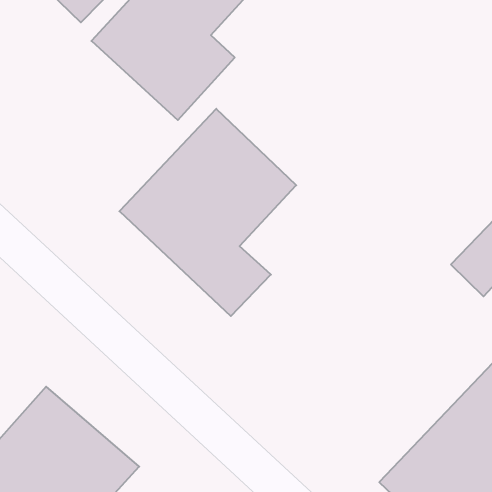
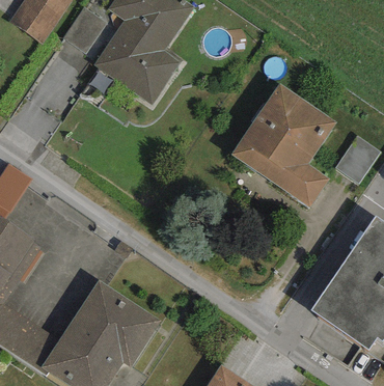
building: [119,109,296,316] -> [230,82,336,208]

